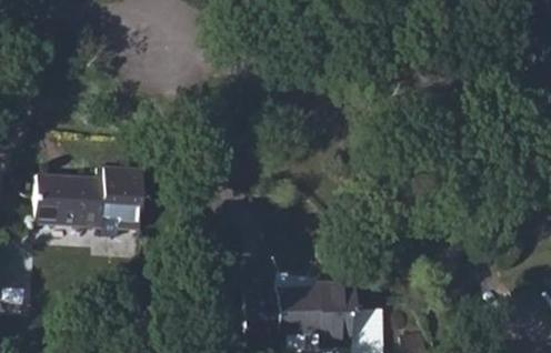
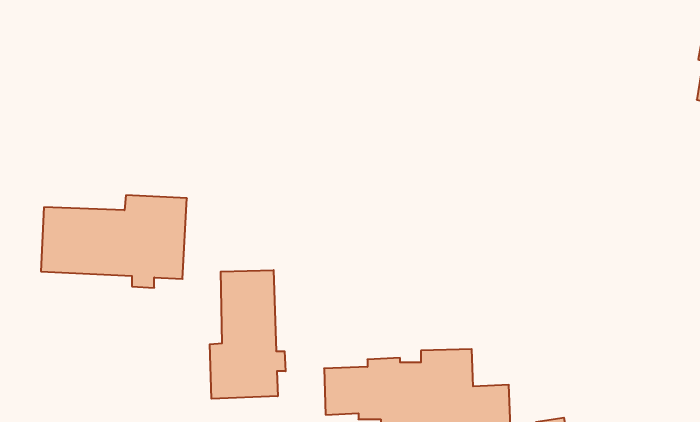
building: none -> [210,270,286,399]

